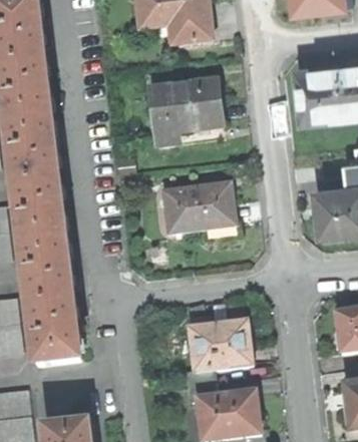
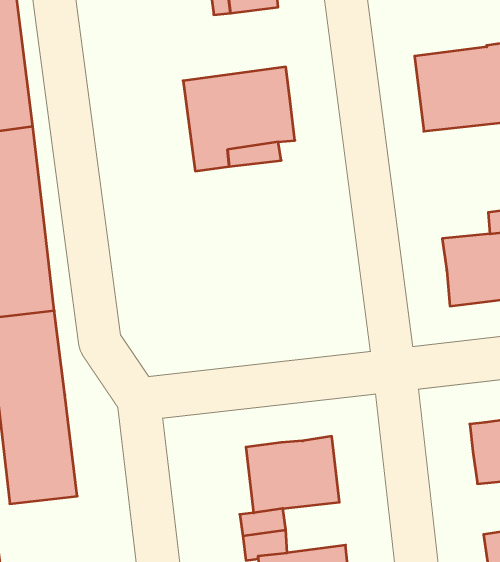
building: [162,182,233,232] -> none

